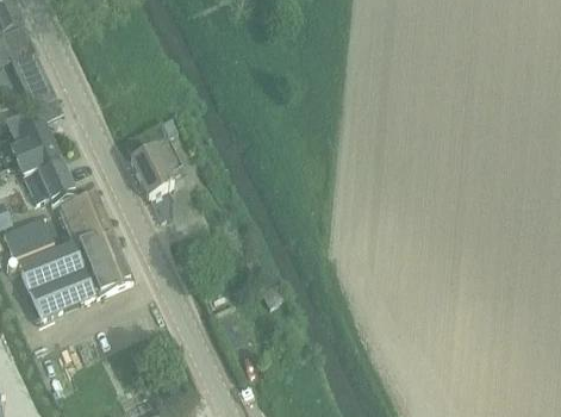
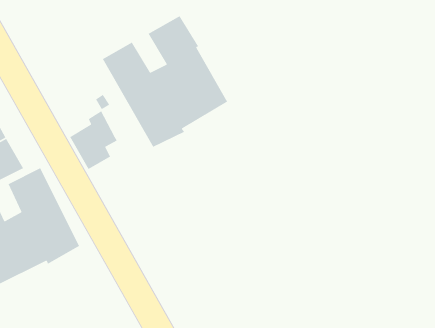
building: none -> [102,15,228,148]

